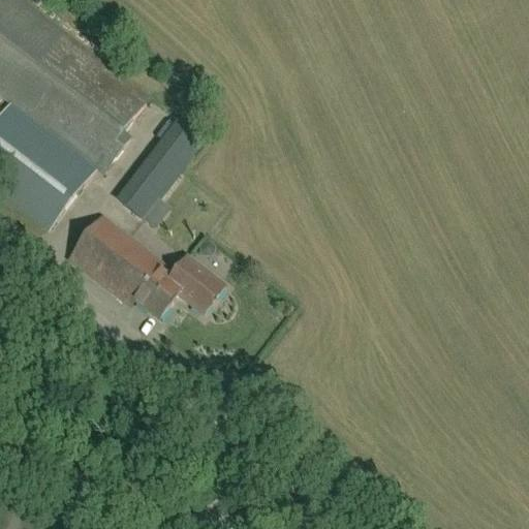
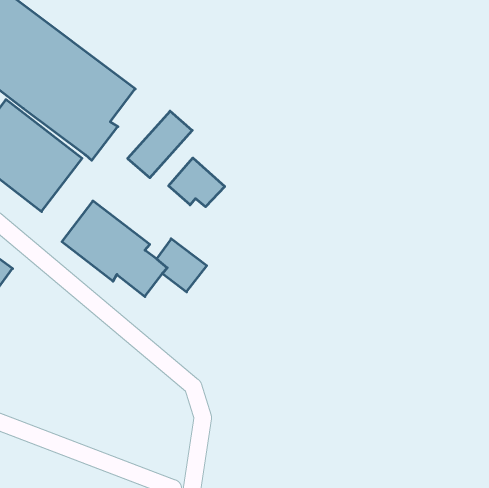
building: none -> [169,158,225,207]
building: [115,182,156,221] -> none

